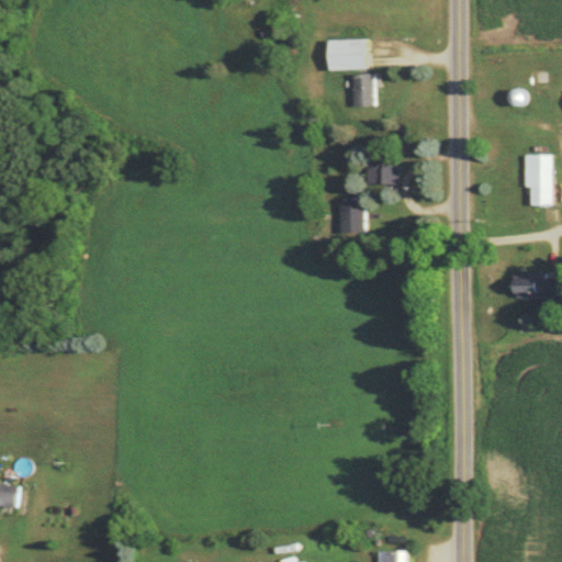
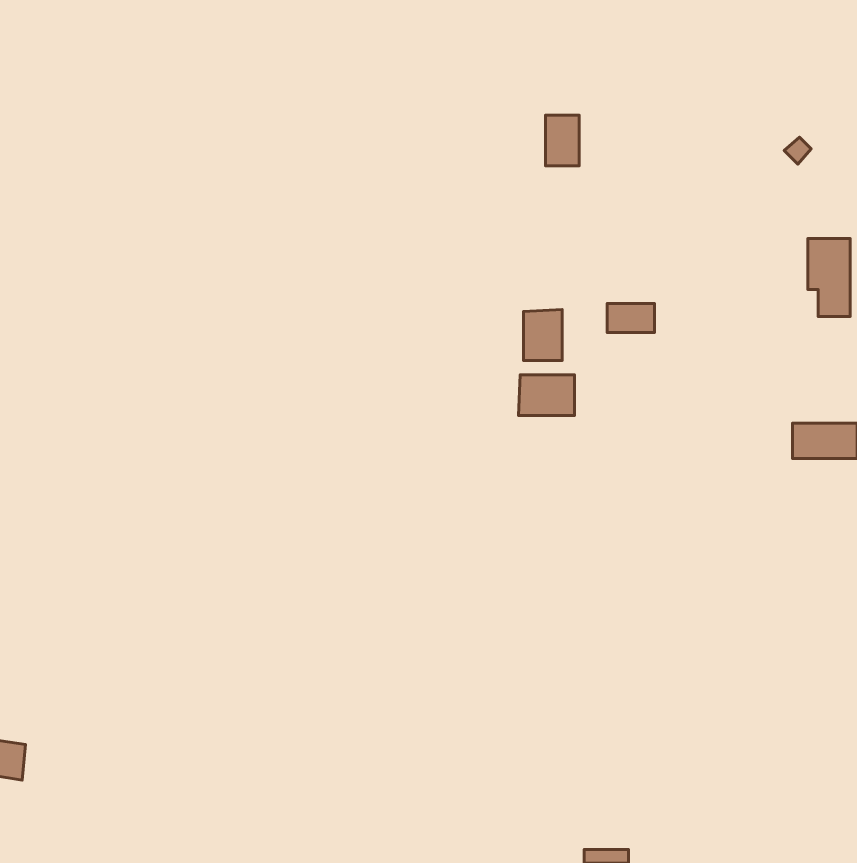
building: [328,40,367,70] -> none
building: [367,166,397,184] -> [607,304,655,332]
building: none -> [518,375,575,416]

